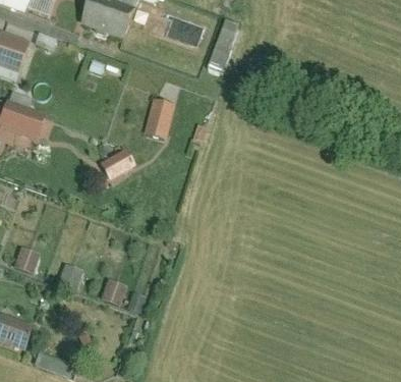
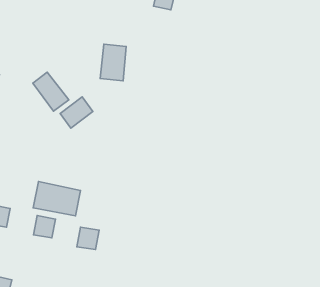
building: none -> [33,72,69,111]
building: none -> [33,182,81,216]

